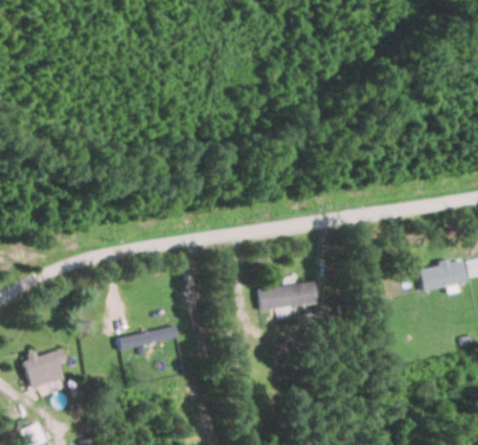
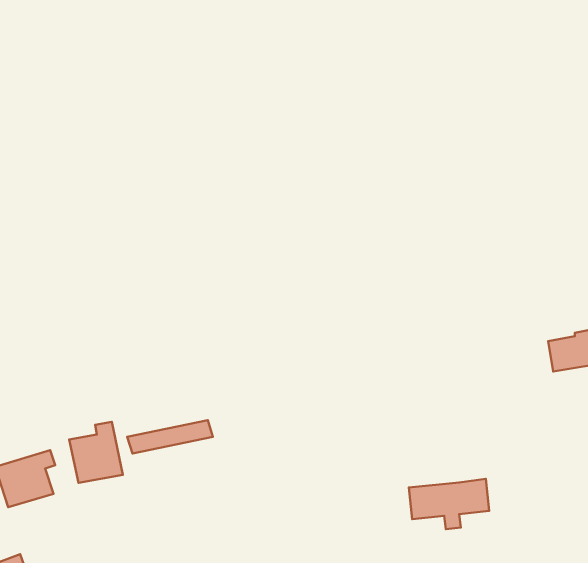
building: [258,281,315,317] -> [409,479,489,529]
building: none -> [69,422,123,483]

